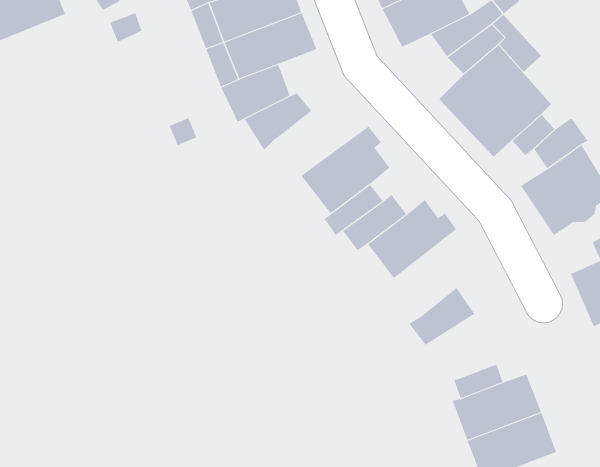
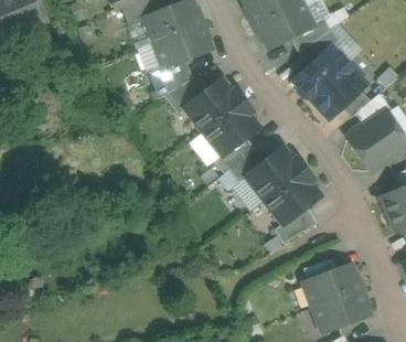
building: none -> [183,78,246,131]
building: none -> [263,167,320,224]

